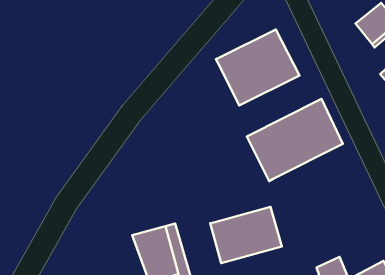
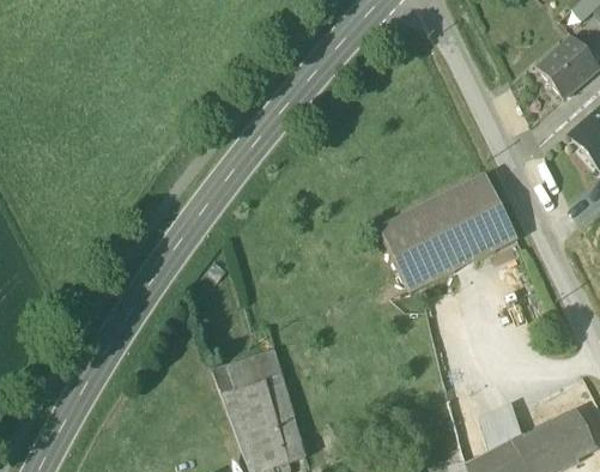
building: [216,30,299,106] -> none
building: [210,207,282,263] -> none

